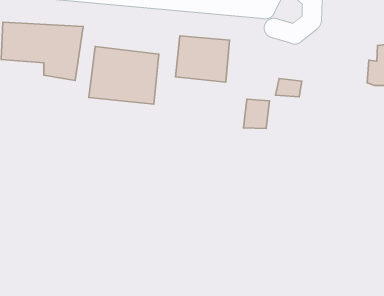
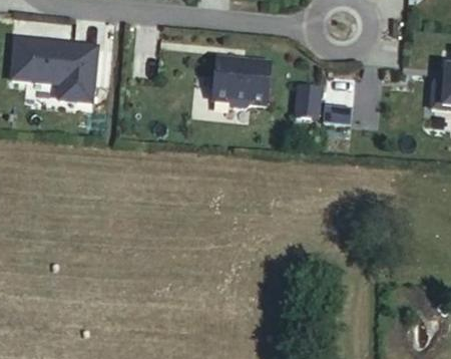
building: [89,47,159,104] -> none
building: [243,99,270,129] -> [293,85,323,119]

